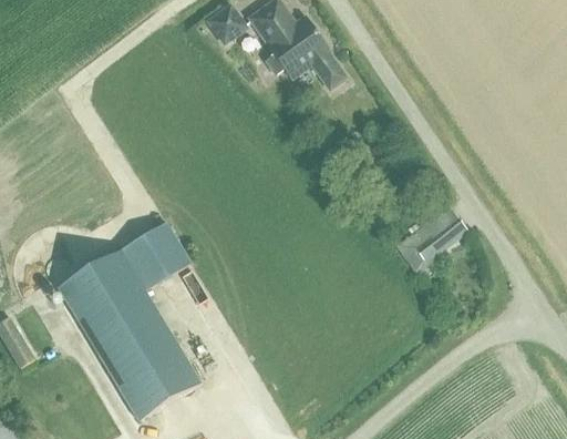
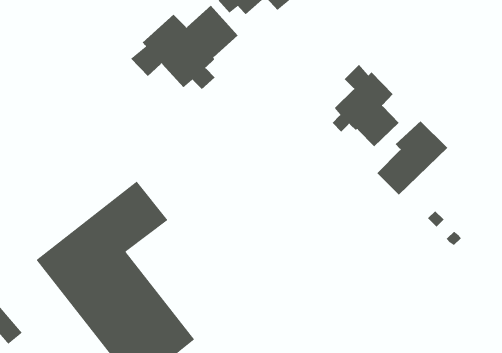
building: none -> [130,5,238,90]
building: none -> [332,64,400,147]

